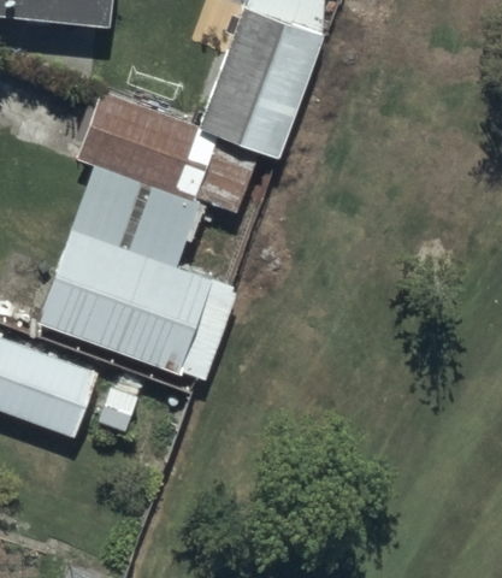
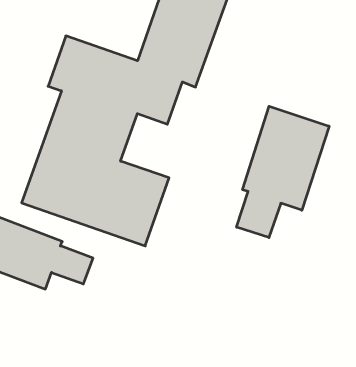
building: none -> [237,106,329,238]

